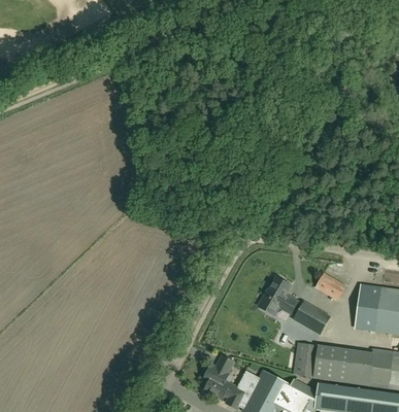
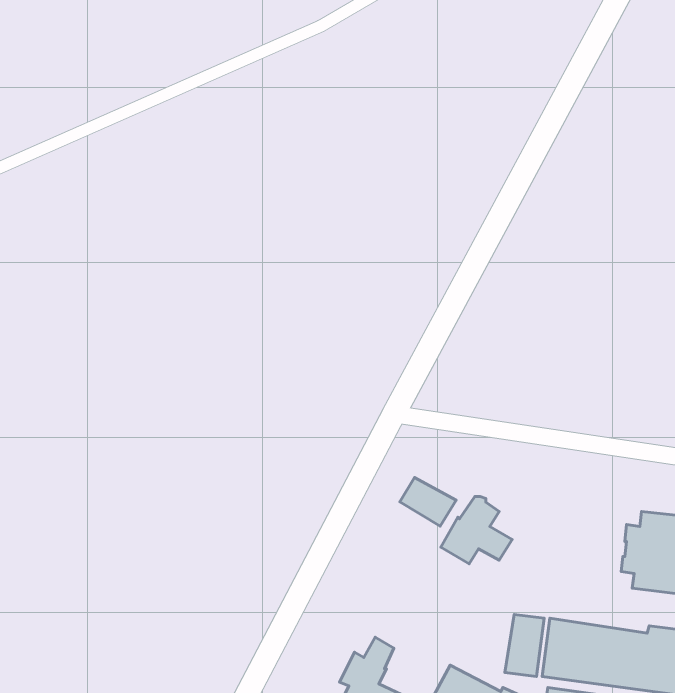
building: none -> [400,478,456,526]
building: [315,272,345,299] -> none
building: [295,303,329,333] -> none

